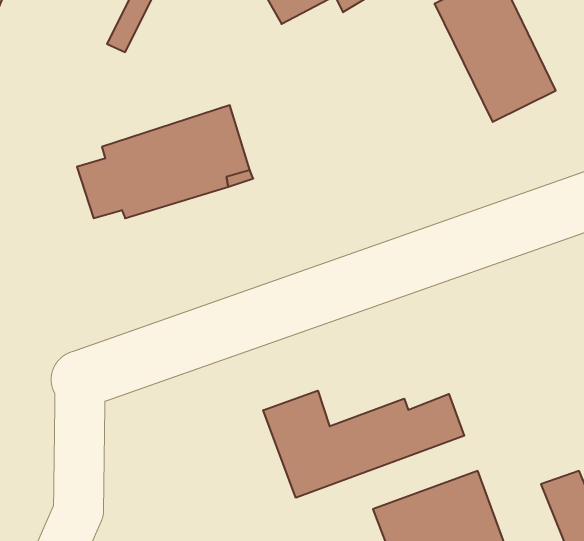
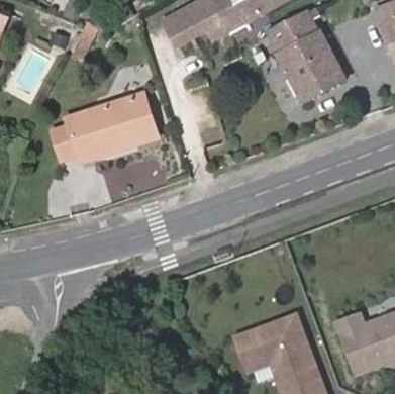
building: [263,391,464,498] -> none

